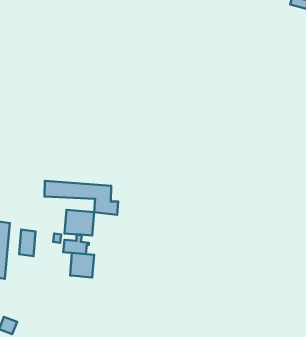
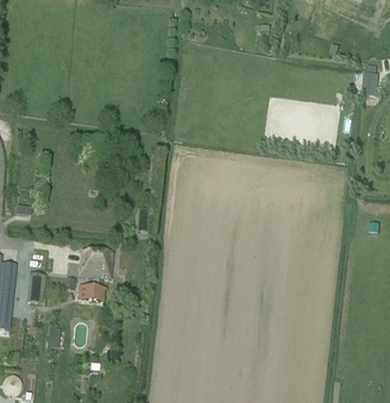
building: [45,181,118,215] -> none
building: [70,253,94,278] -> none

